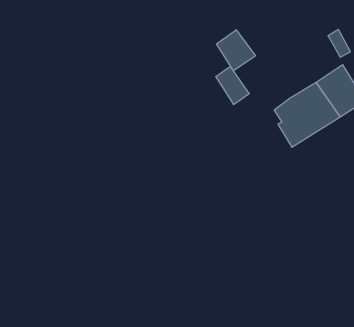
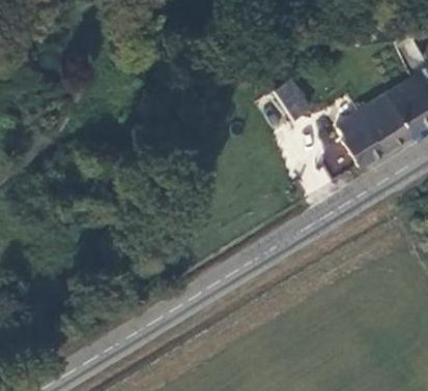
building: [216,30,255,71] -> none

